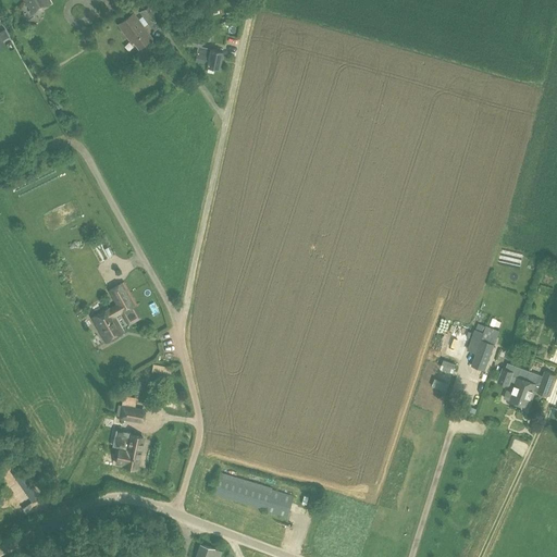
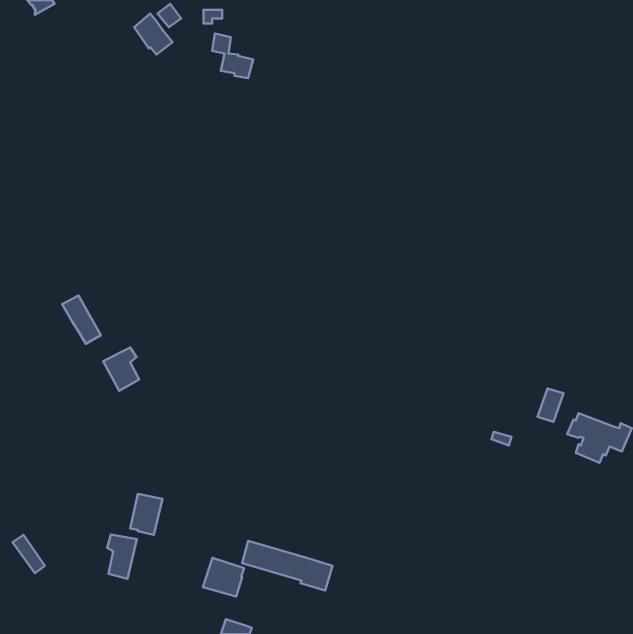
building: [106,282,139,324] -> [62,295,101,344]
building: [117,396,145,423] -> none
building: none -> [107,534,137,579]
building: none -> [203,558,244,597]

